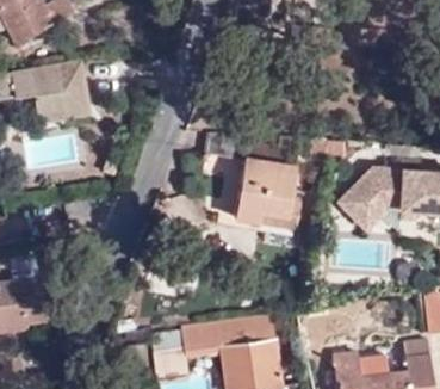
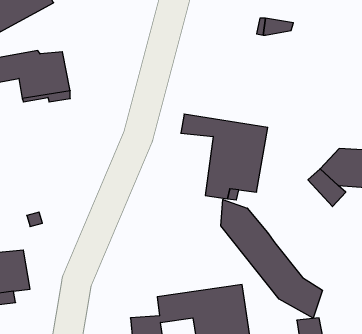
building: none -> [221,199,323,318]

